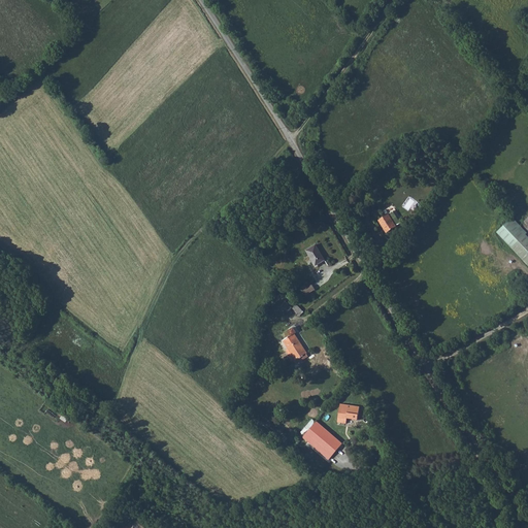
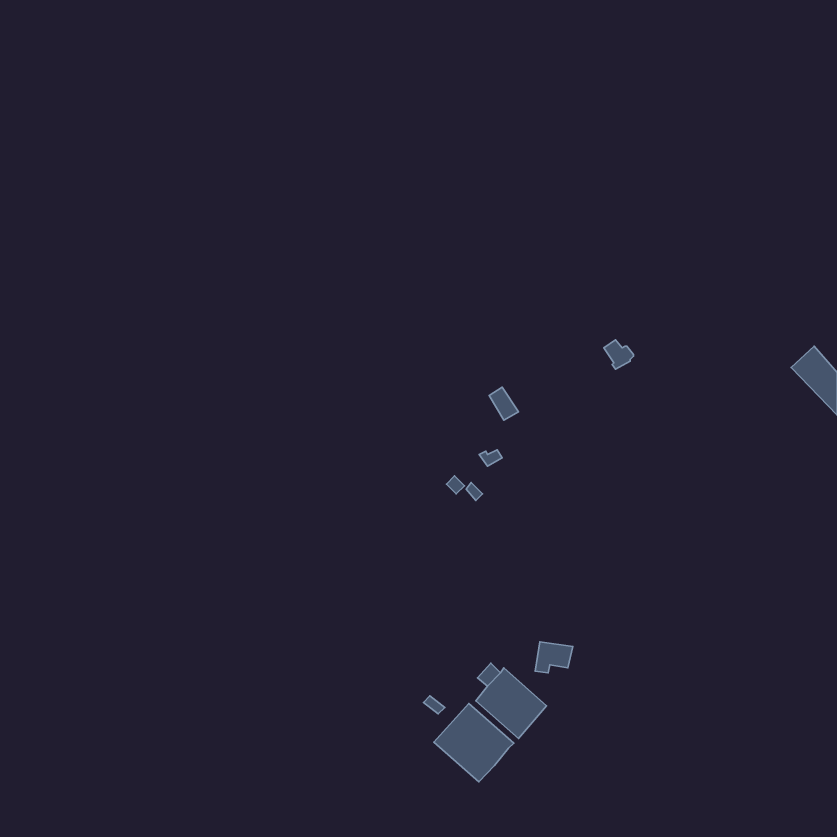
building: [283,326,309,359] -> none
building: none -> [434,704,514,782]

